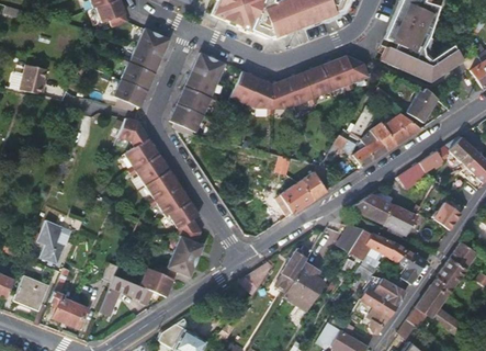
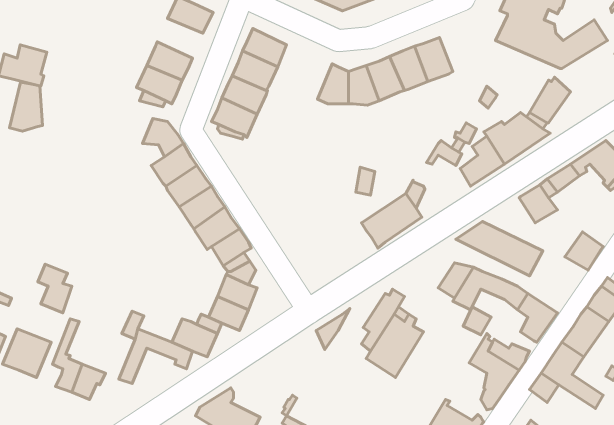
building: [128,44,162,73] -> none
building: [339,55,368,83] -> none
building: [230,71,259,104] -> none
building: none -> [10,82,43,131]

